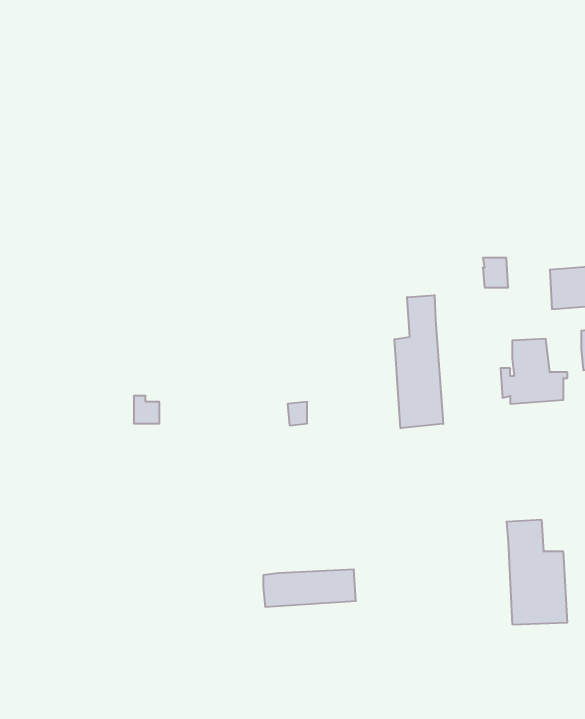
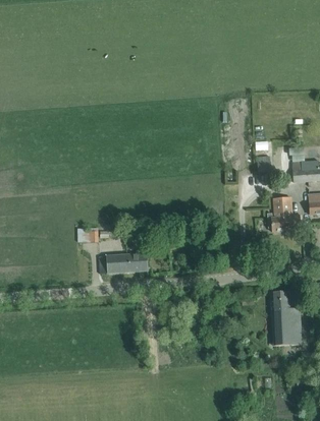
building: [395,295,443,428] -> none
building: [263,569,356,607] -> [99,252,147,272]

